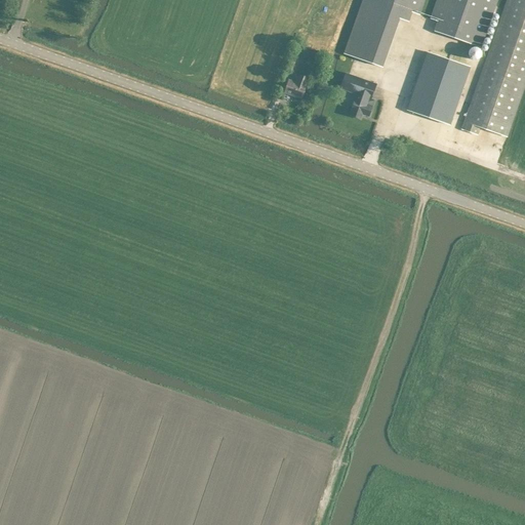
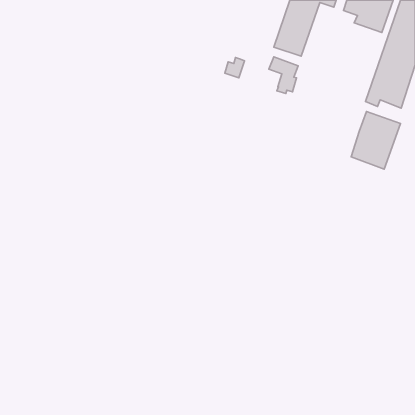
building: [407,51,470,124] -> [351,111,401,169]

